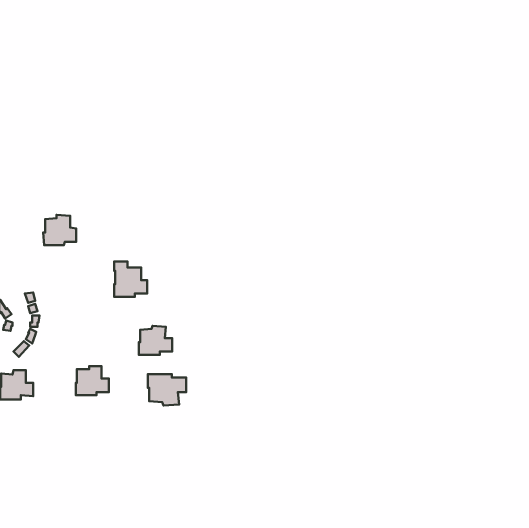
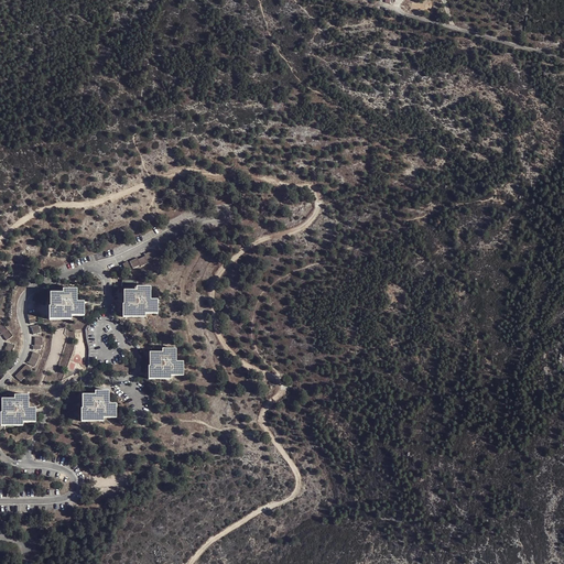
building: [43,215,76,245] -> [47,286,83,318]
building: [148,374,186,406] -> none

